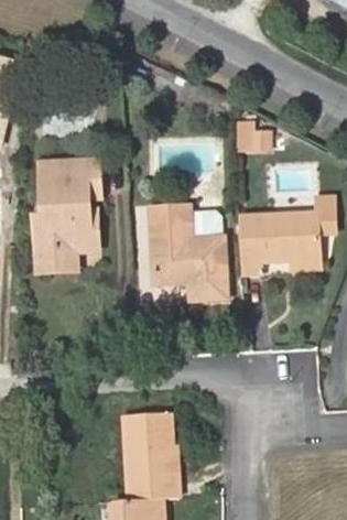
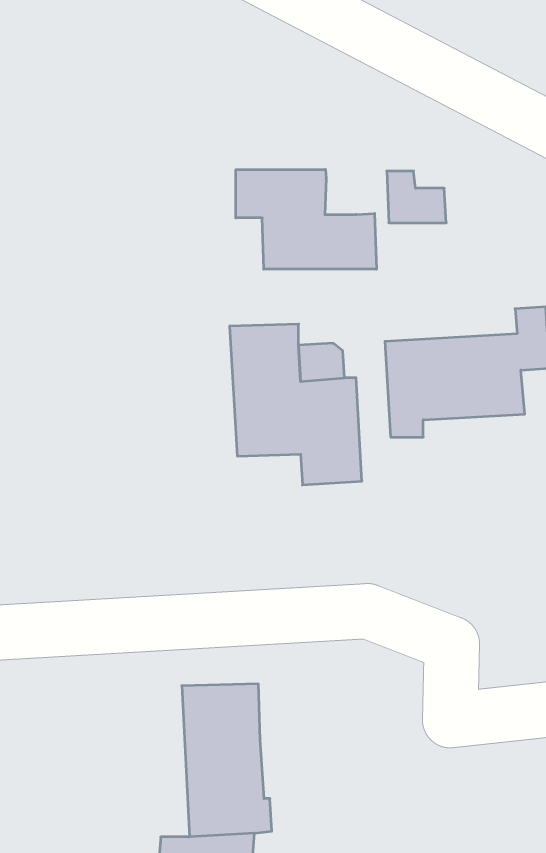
building: none -> [236,169,376,269]
building: [39,165,95,269] -> none

